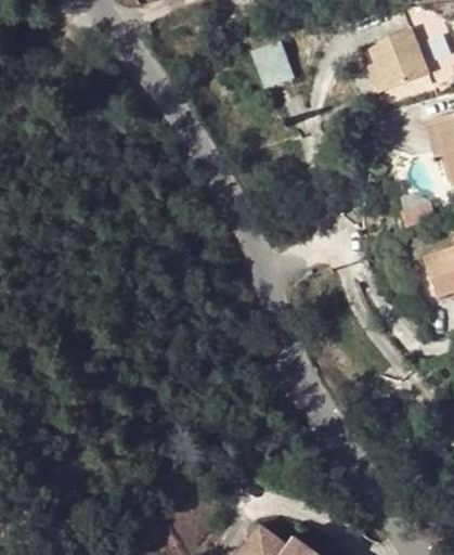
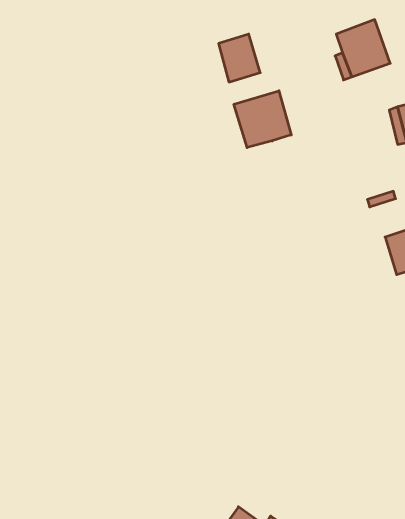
building: none -> [234,91,291,148]

